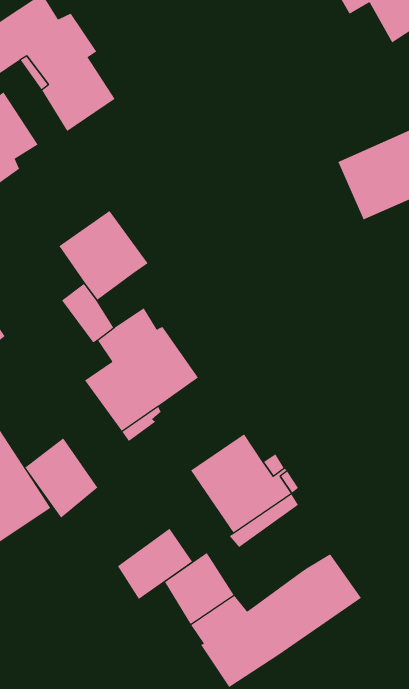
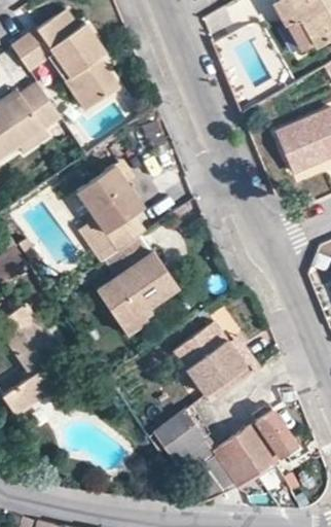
building: none -> [105,210,146,249]
building: [25,437,98,518] -> none
building: [117,528,193,600] -> none

